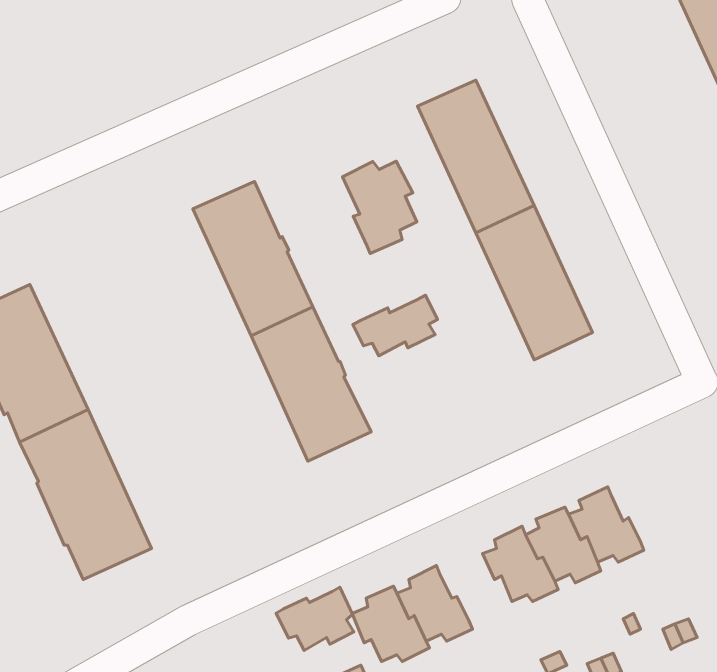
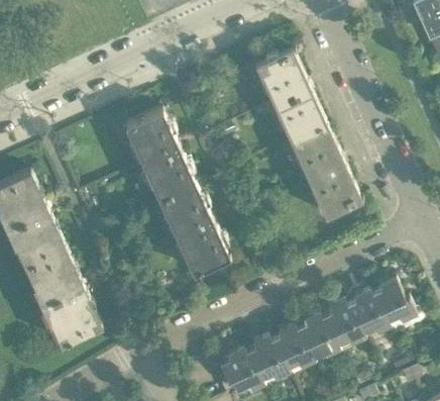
building: [343,161,417,253] -> none
building: [353,295,438,356] -> none
building: none -> [370,278,415,322]
building: none -> [269,324,314,369]
building: [276,587,354,651] -> none

